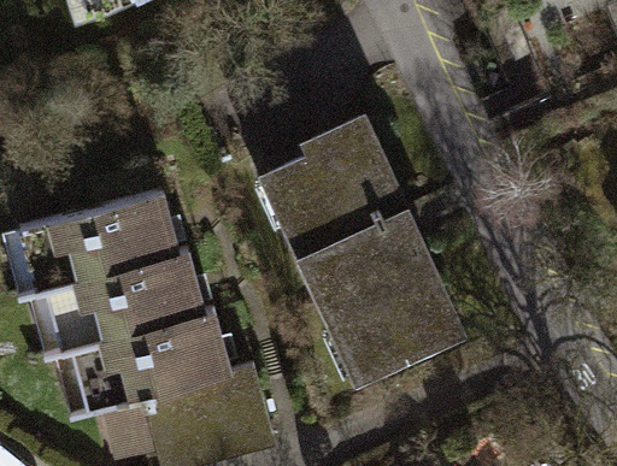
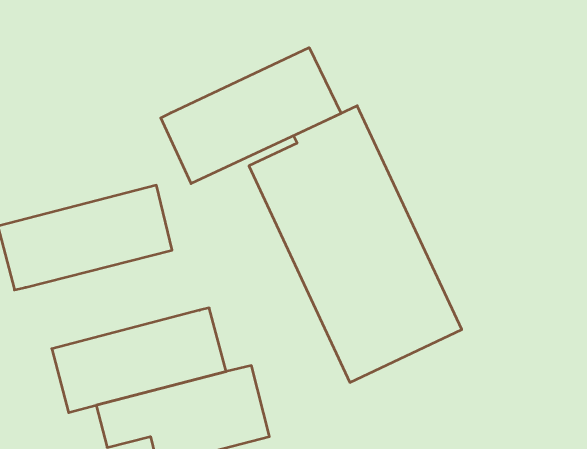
building: none -> [161,48,341,184]
building: [31,255,206,360] -> none

